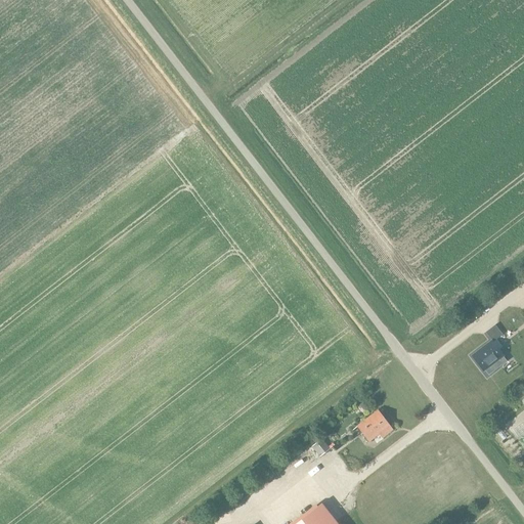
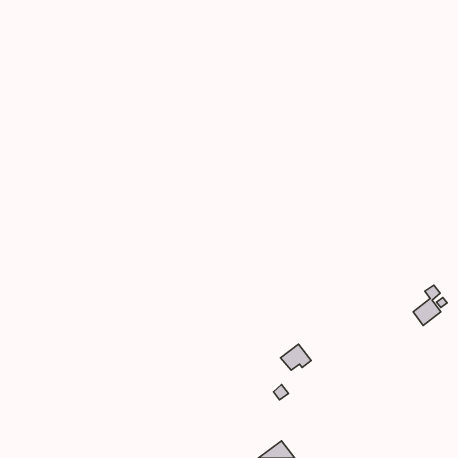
building: [357,411,392,441] -> [281,344,311,370]

